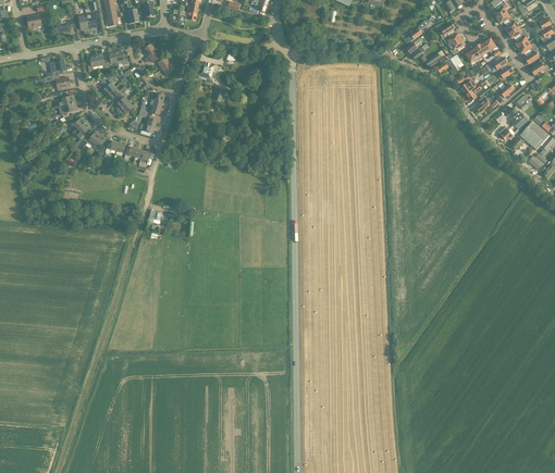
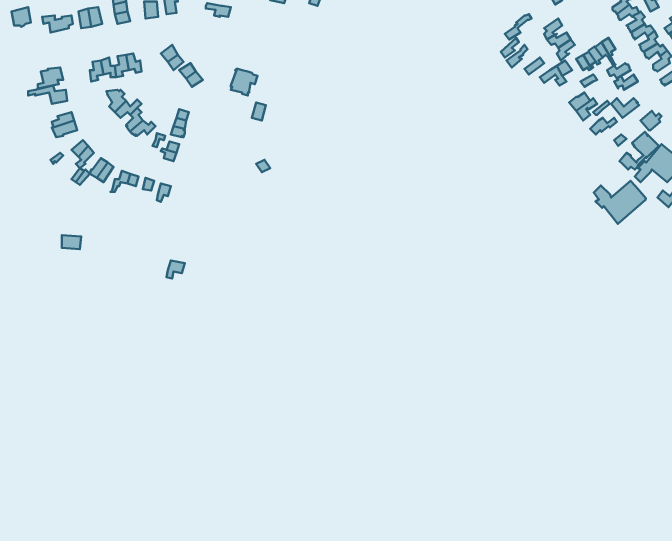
building: none -> [594,181,646,224]

